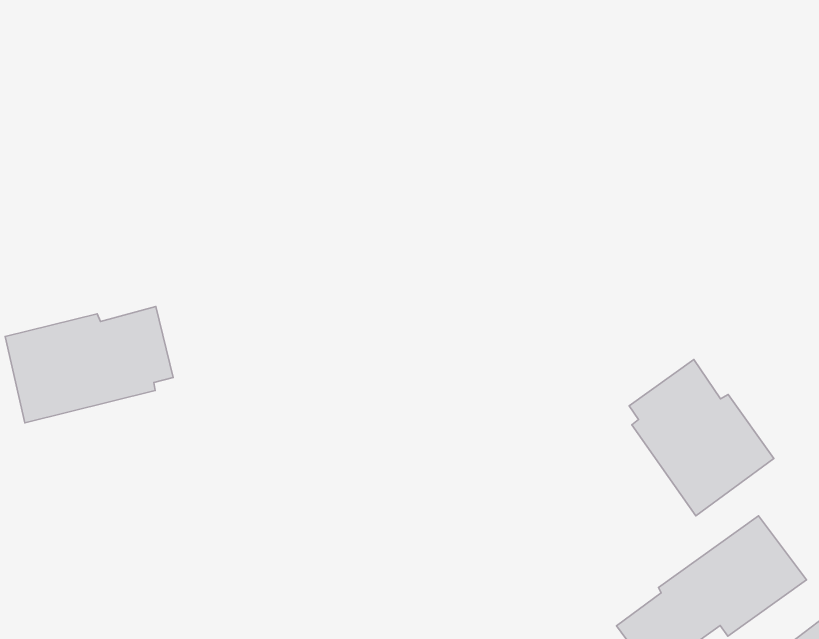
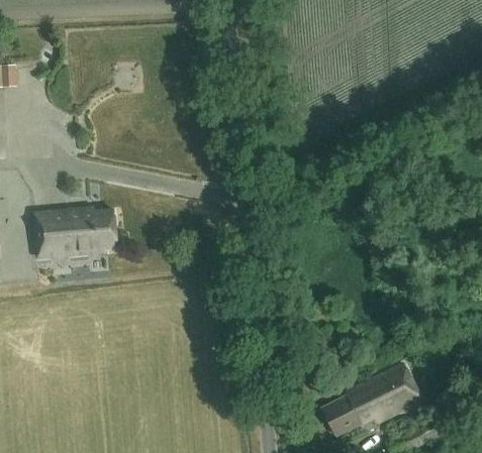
building: [629,359,774,516] -> none

